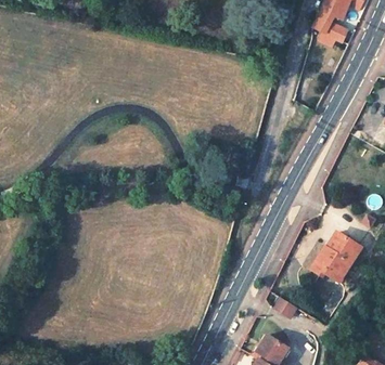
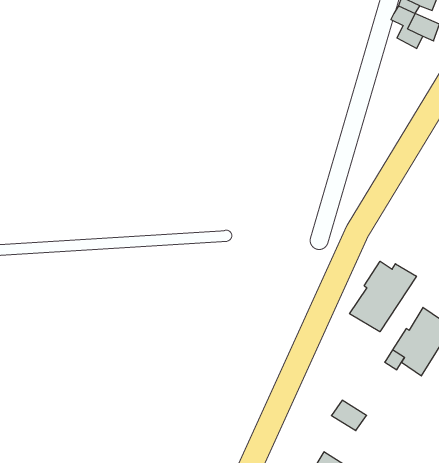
building: none -> [350,261,416,332]

